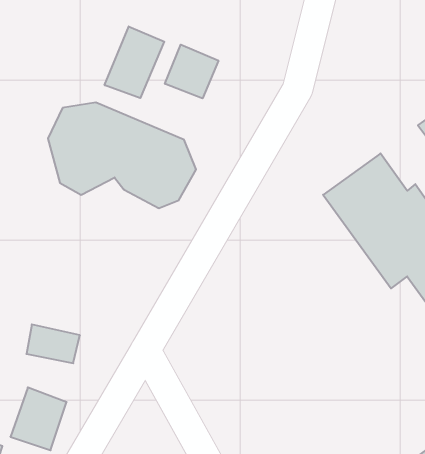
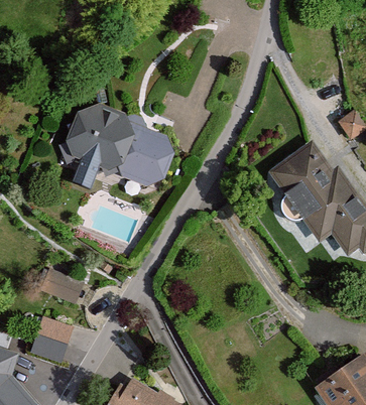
building: [105,26,164,98] -> none
building: [165,45,218,98] -> none

